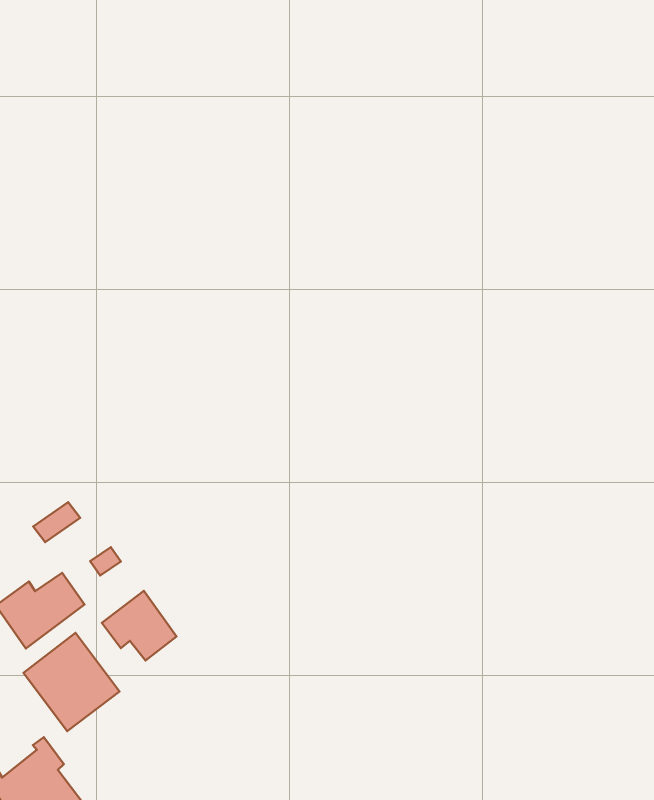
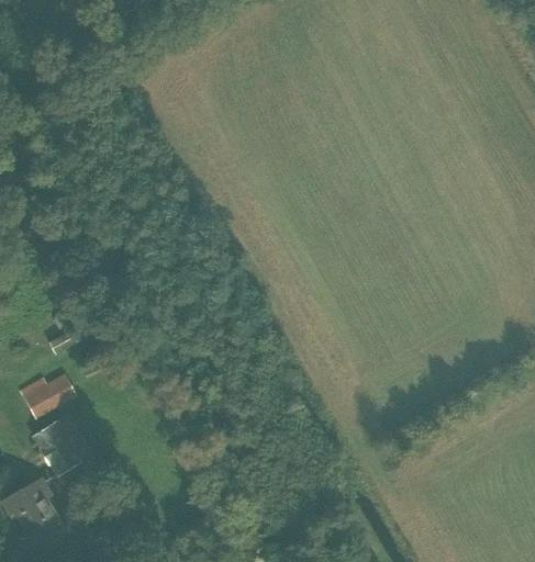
building: [102,591,177,660] -> none

